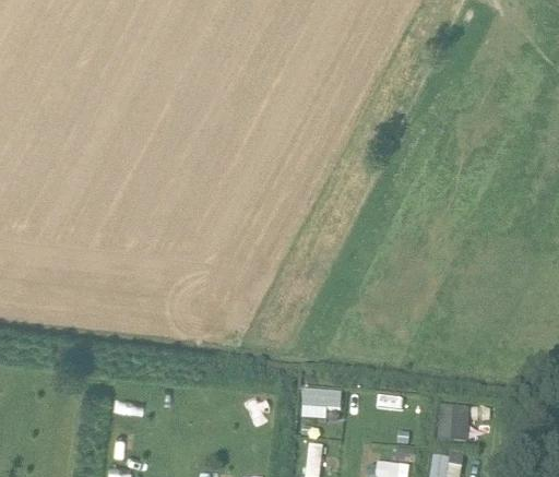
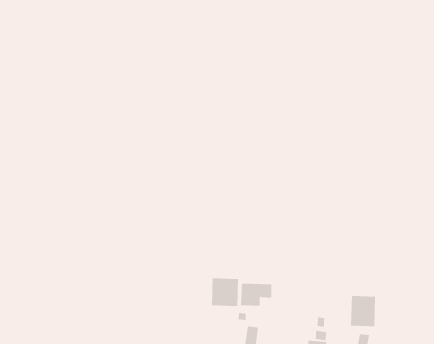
building: none -> [212,278,238,307]

